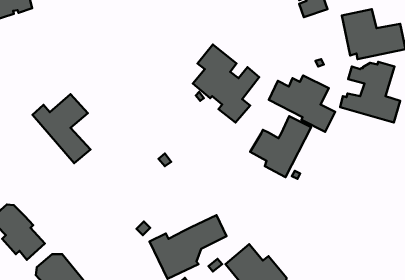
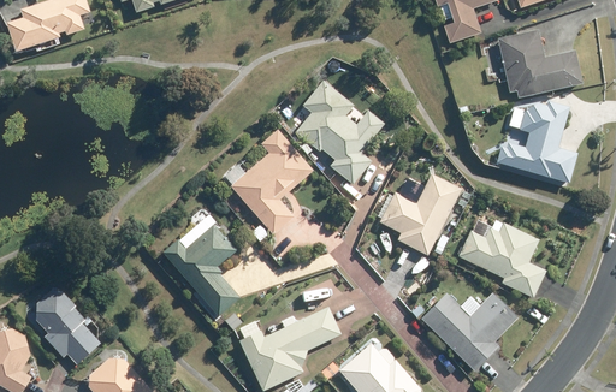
building: [269,75,335,132] -> [456,224,544,298]
building: none -> [233,127,316,232]
building: [32,94,91,163] -> [165,222,242,314]
building: none -> [417,291,514,369]

